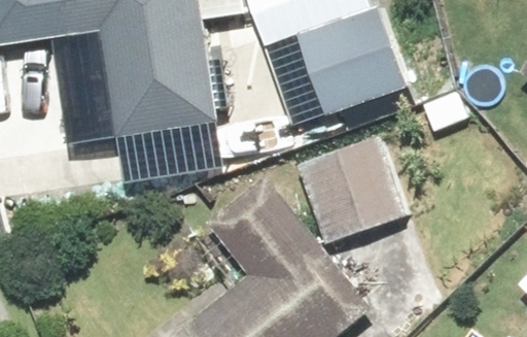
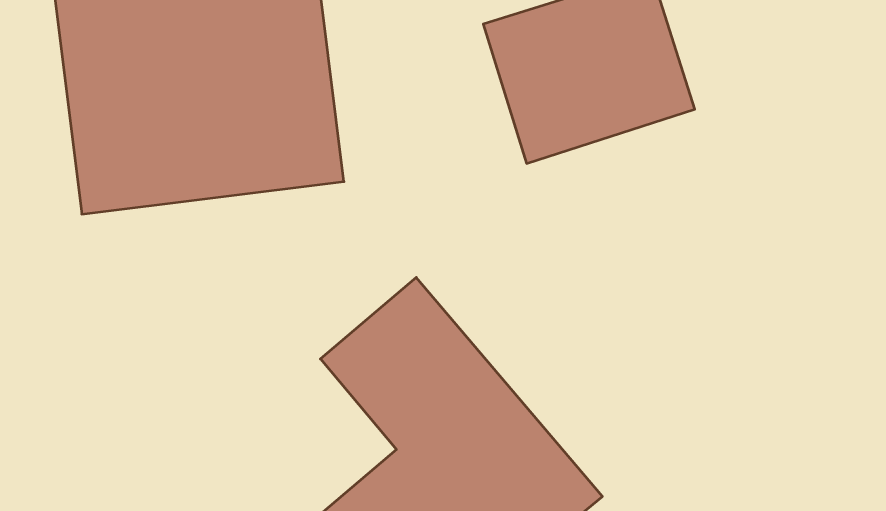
building: [298,136,403,238] -> none

